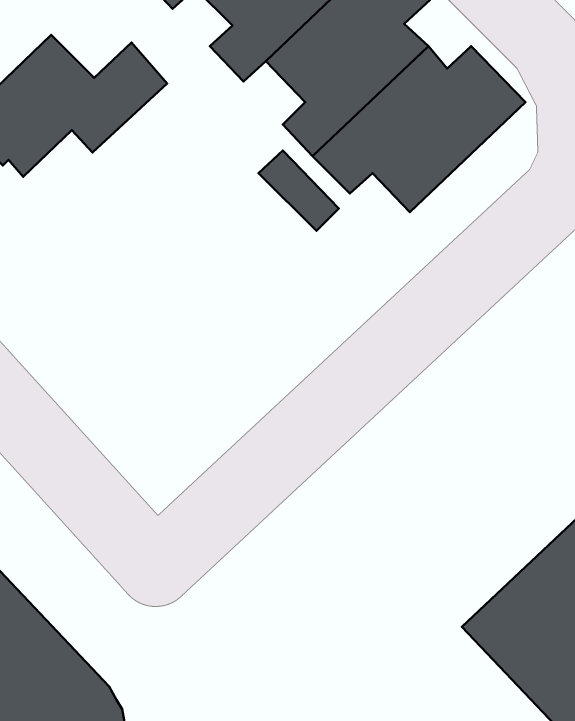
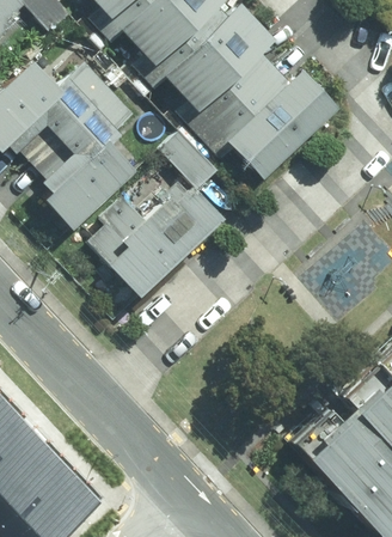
building: none -> [44,96,136,227]
building: none -> [93,184,223,294]

